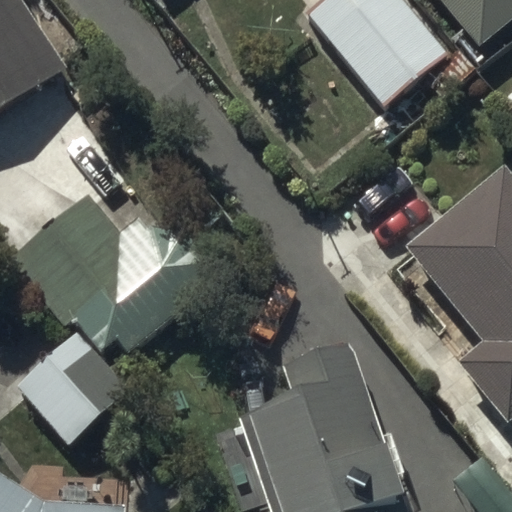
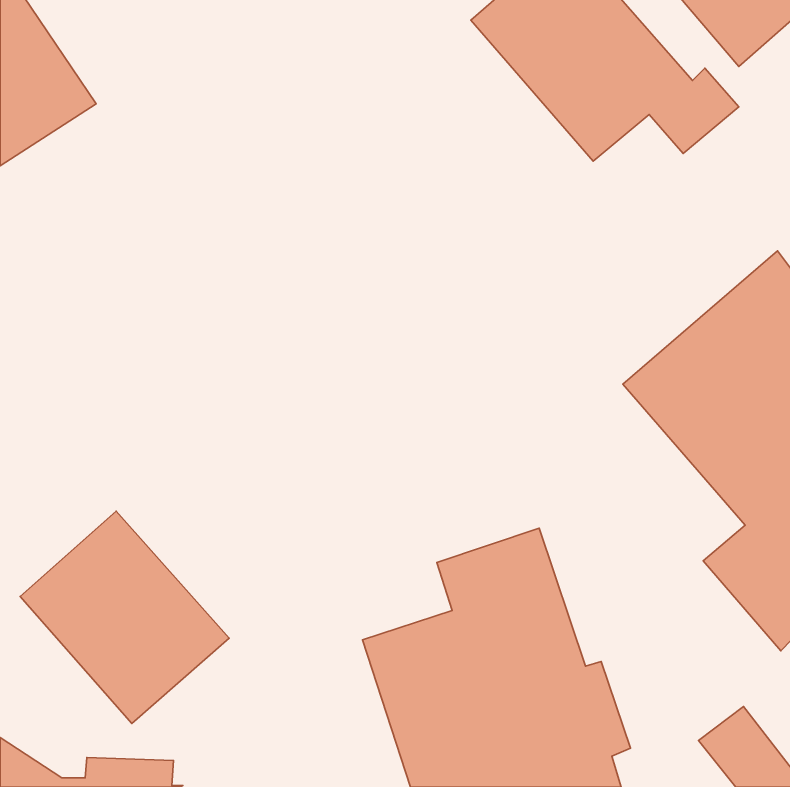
building: [10,194,222,352] -> none

